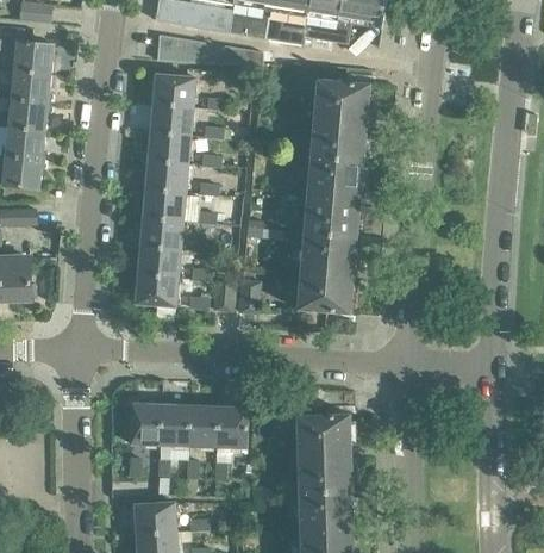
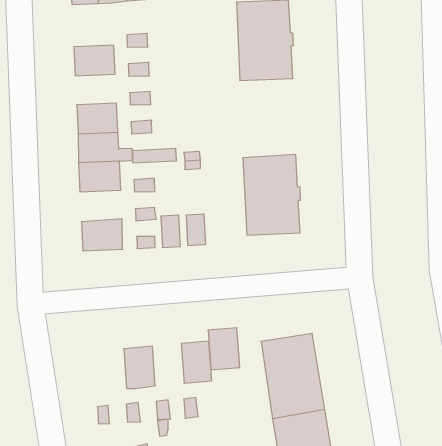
building: [152,74,194,105] -> none
building: [148,130,189,162] -> none
building: [304,156,363,236] -> none
building: [137,244,180,276] -> none
building: [130,403,162,443] -> none
building: [188,405,219,446] -> [208,328,240,370]

